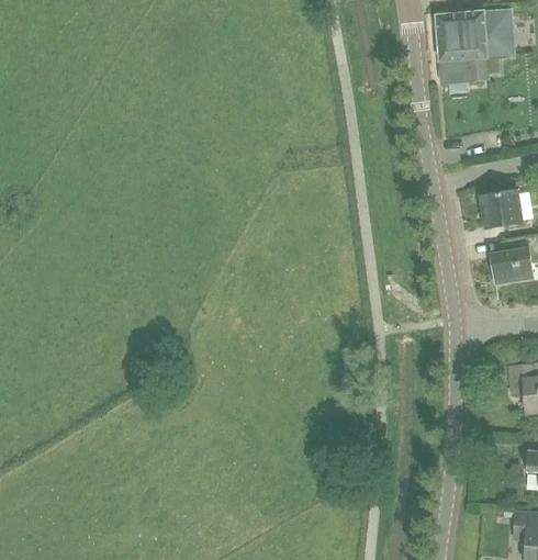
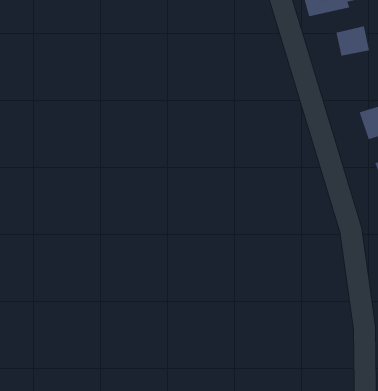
building: none -> [336,26,370,57]

